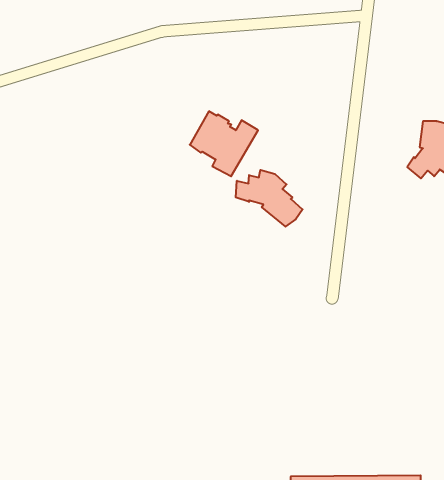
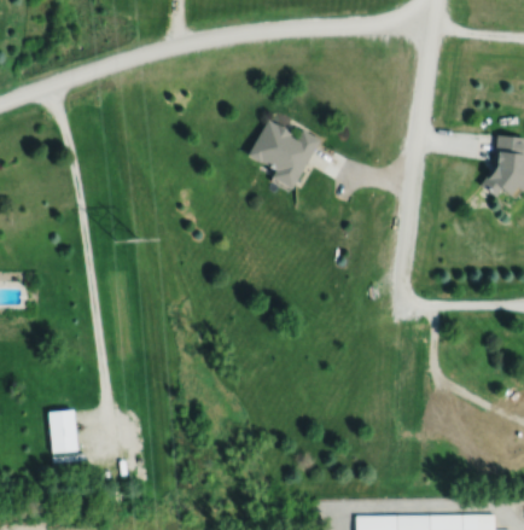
building: [236,170,303,227] -> none
building: none -> [50,409,78,452]

